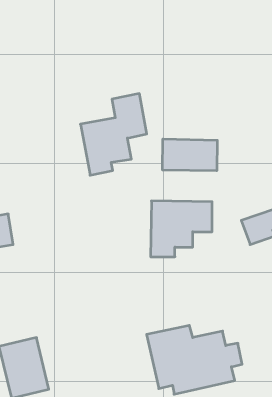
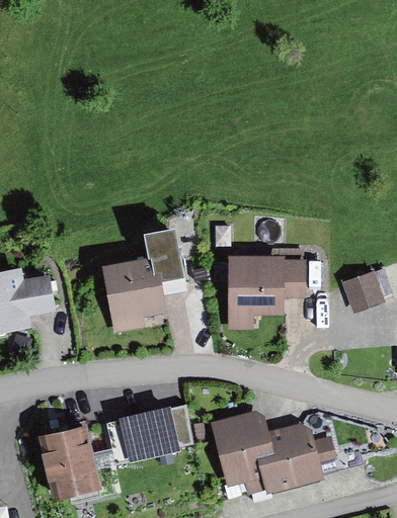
building: [80,94,147,175] -> [101,229,184,331]
building: [163,139,217,171] -> none
building: none -> [118,403,195,458]

